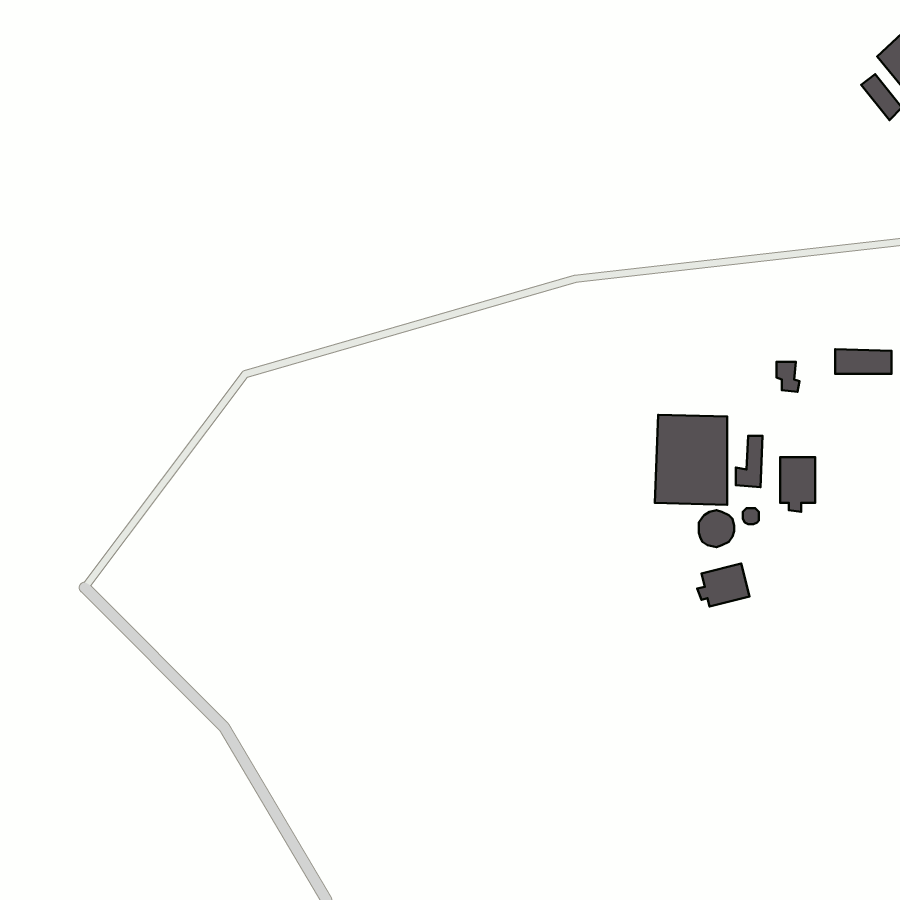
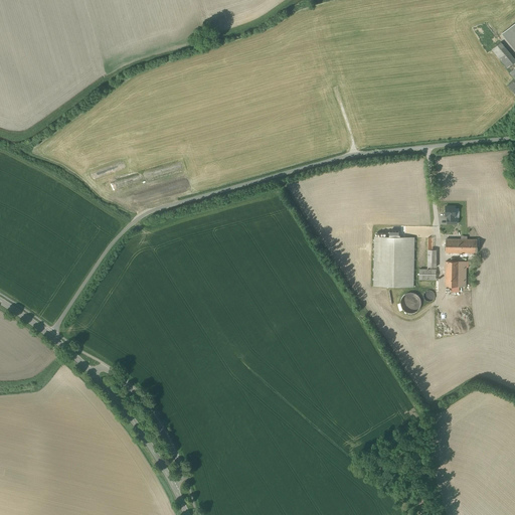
building: [835,349,892,374] -> [446,238,478,252]
building: [697,564,750,606] -> none

